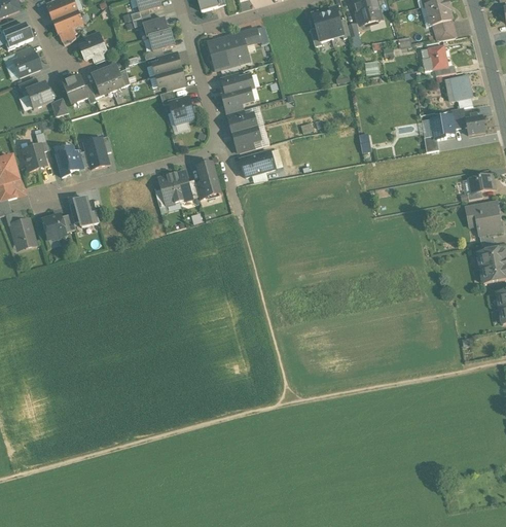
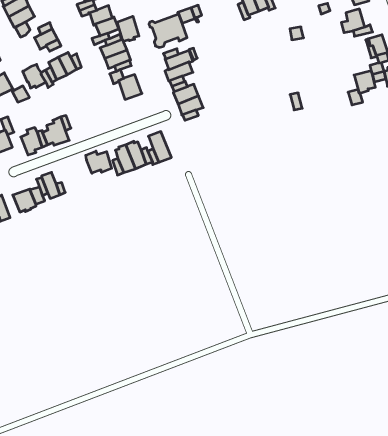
building: none -> [117,16,139,41]
building: [240,149,275,176] -> none
building: none -> [86,151,112,173]

